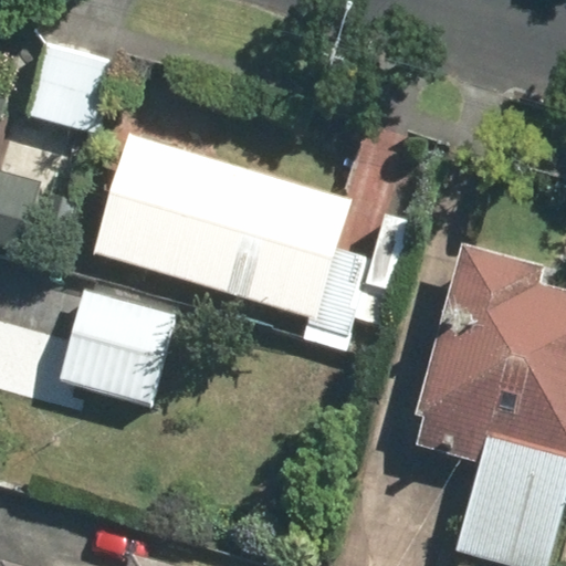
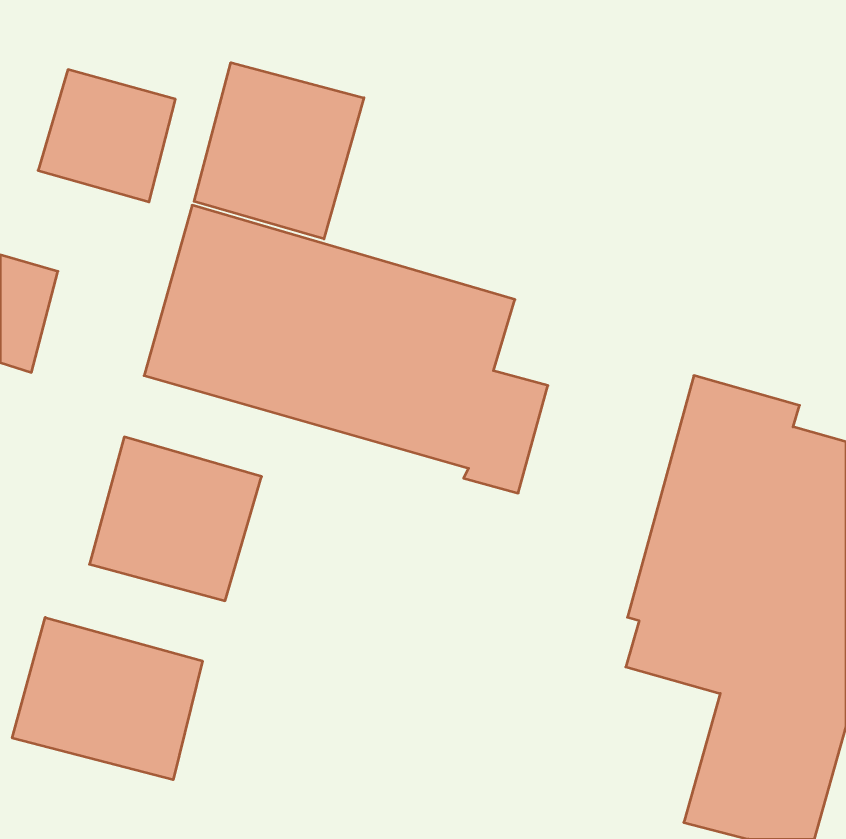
building: none -> [194,63,364,239]
building: none -> [12,617,202,780]

